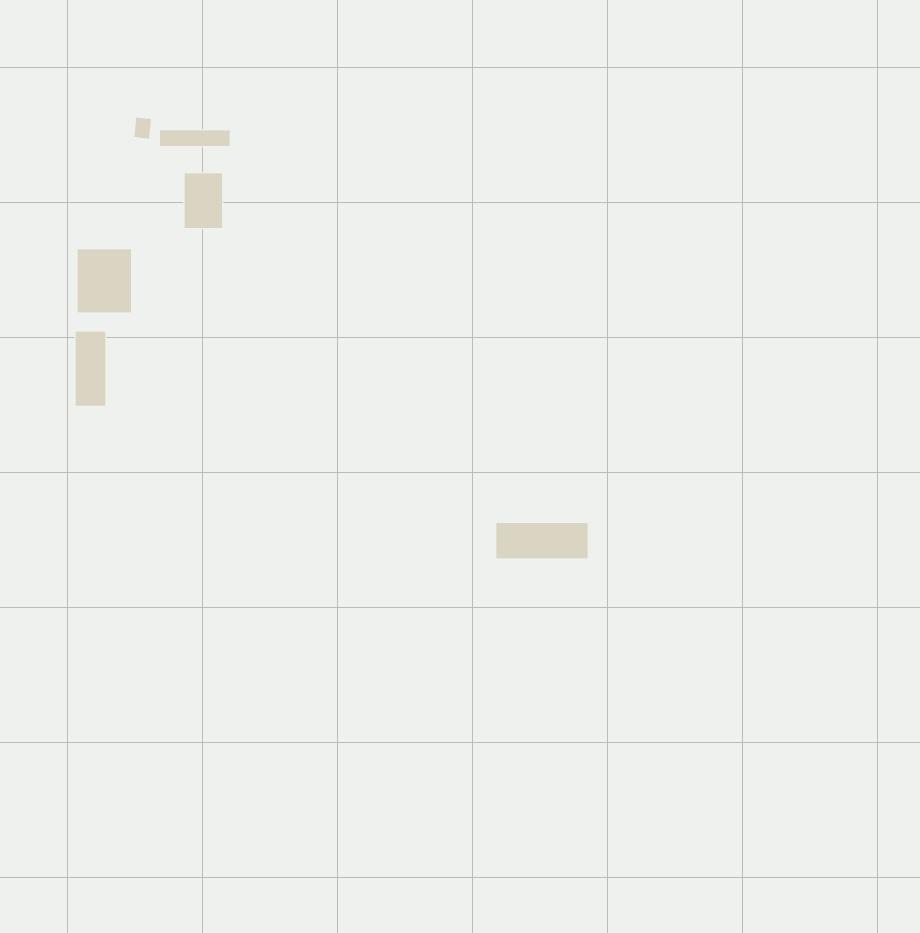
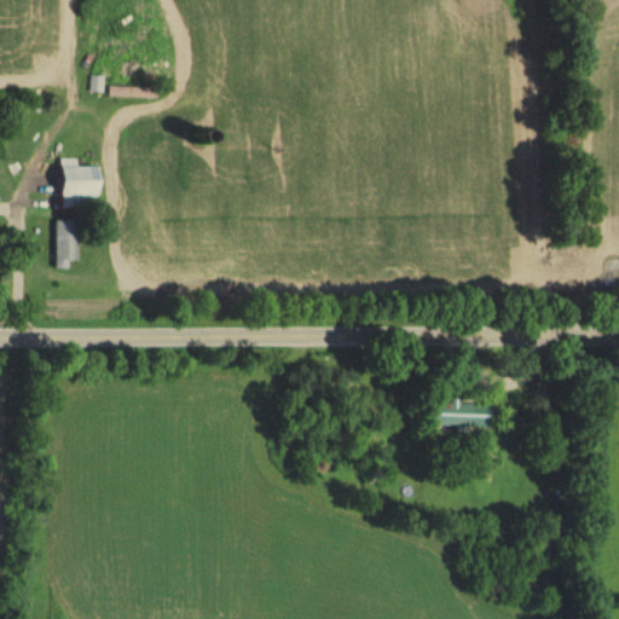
building: [184,172,223,229] -> none
building: [495,522,589,559] -> [430,401,492,426]

